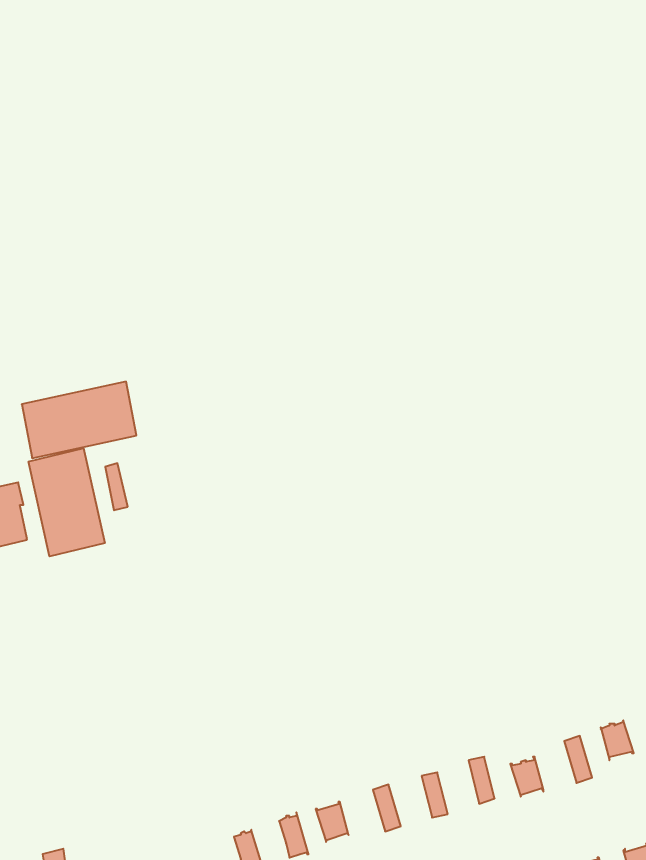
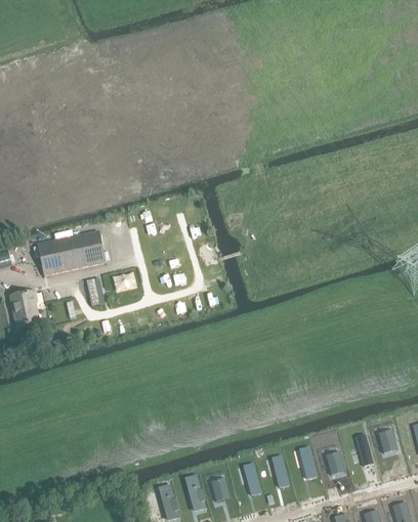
building: [29,448,105,556] -> none

